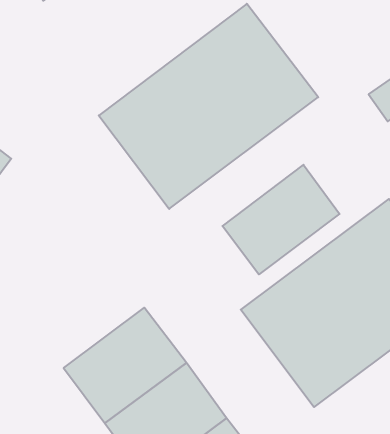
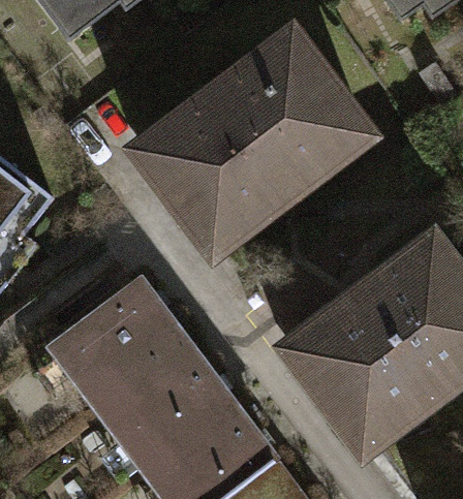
building: [222,165,340,274] -> none
building: none -> [55,285,185,410]

